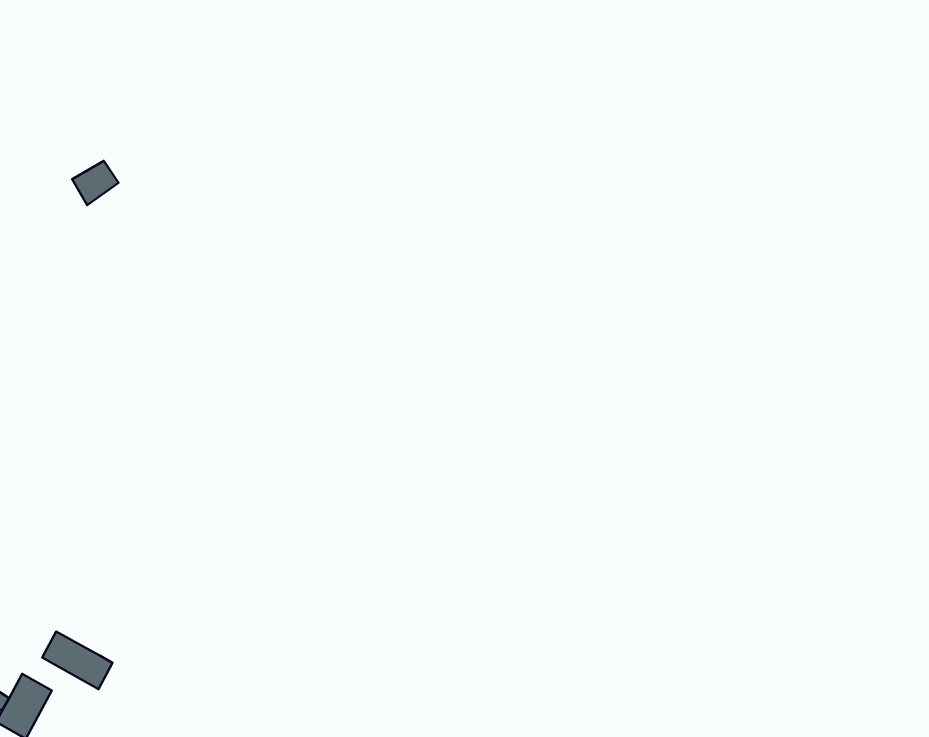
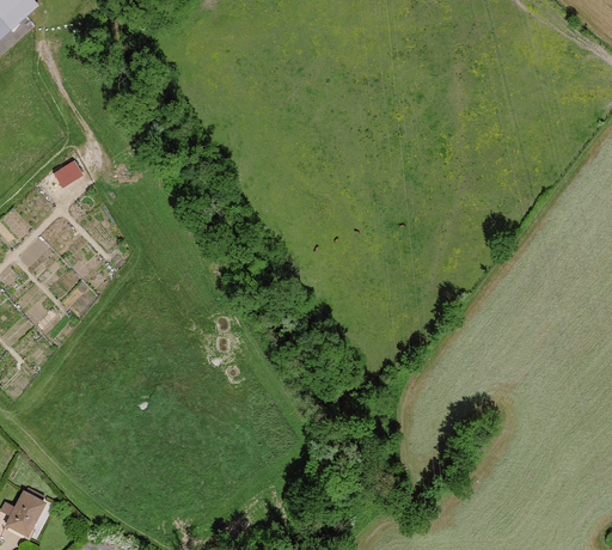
building: [42,631,113,689] -> none

